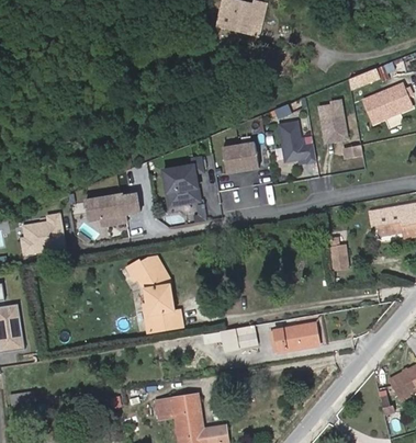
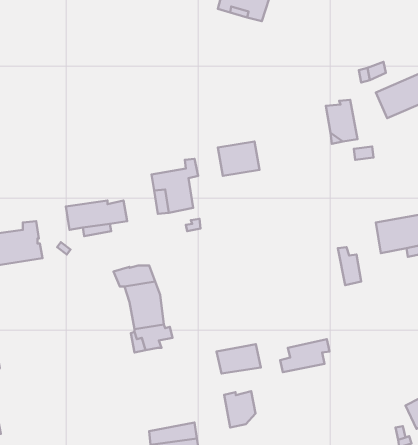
building: [278,122,315,162] -> none
building: none -> [224,391,255,427]

